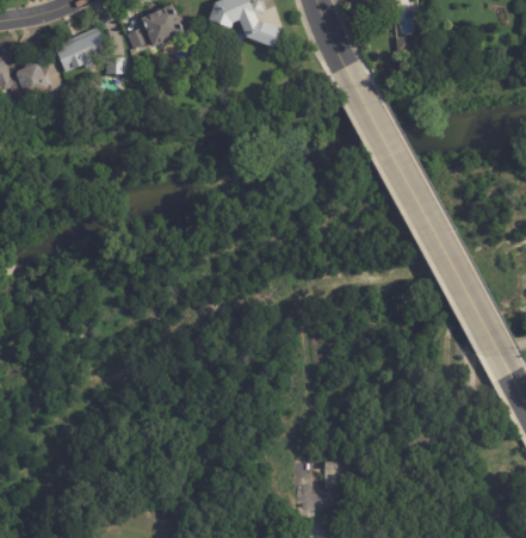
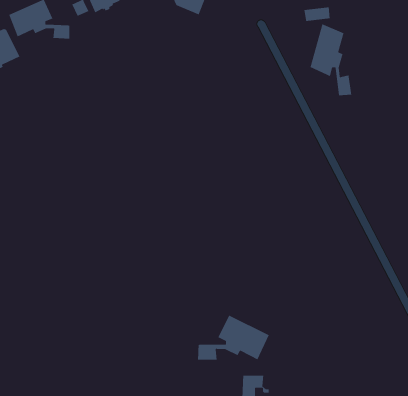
building: none -> [310,23,352,96]
building: none -> [197,315,270,360]

